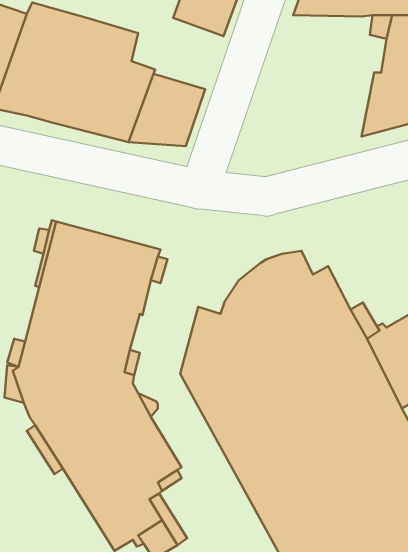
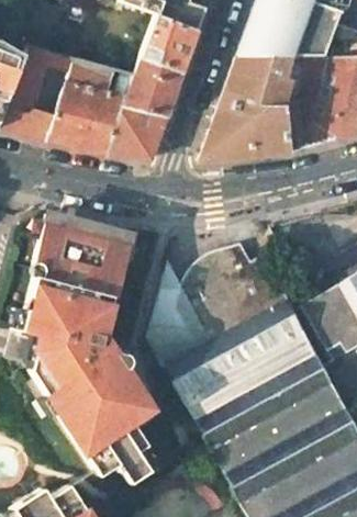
building: none -> [202,56,302,161]
building: none -> [129,58,183,114]

